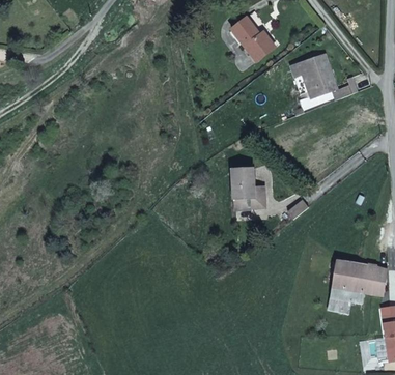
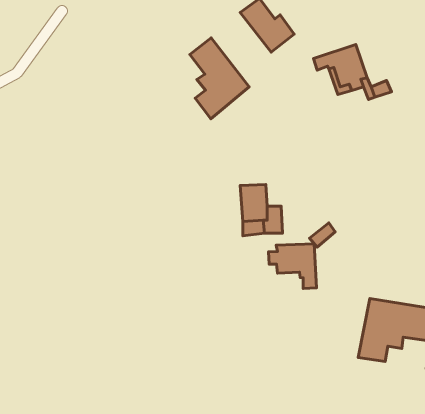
building: none -> [190,38,249,119]
building: none -> [269,244,316,289]

